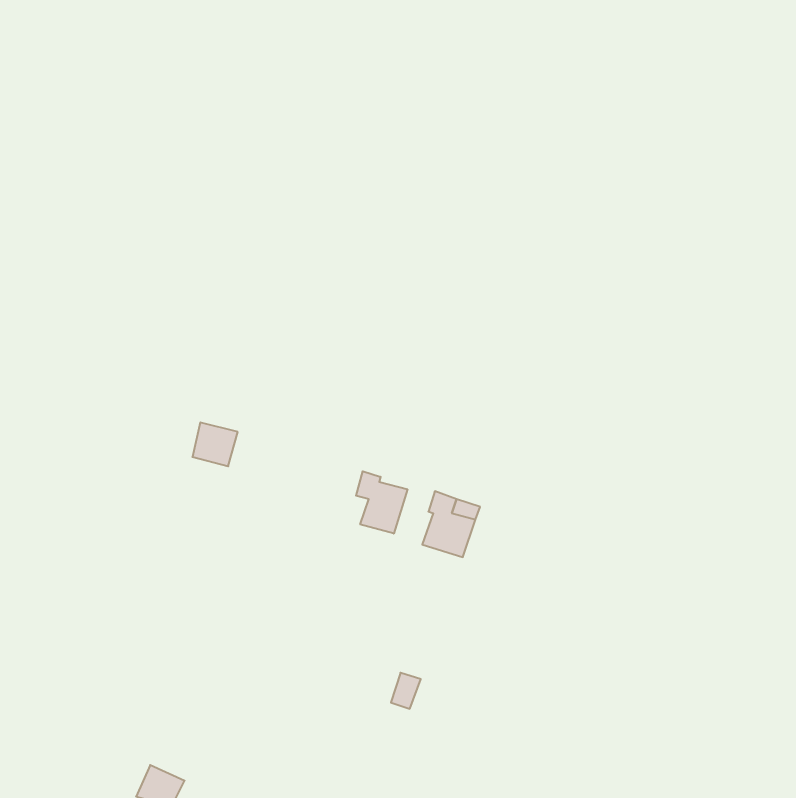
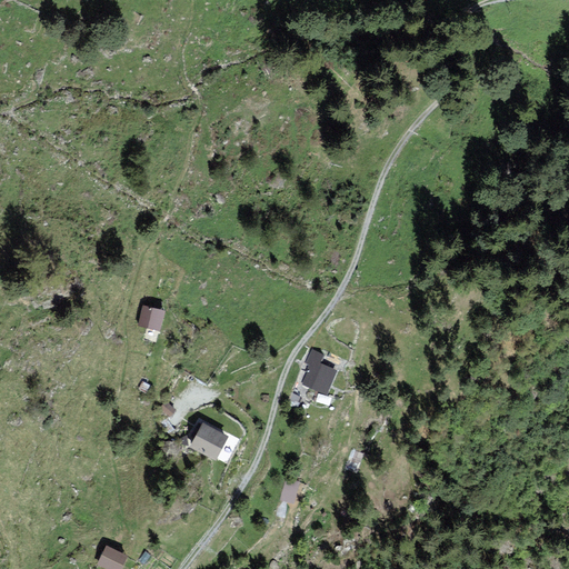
building: [356,471,407,534] -> none
building: none -> [187,421,230,462]

